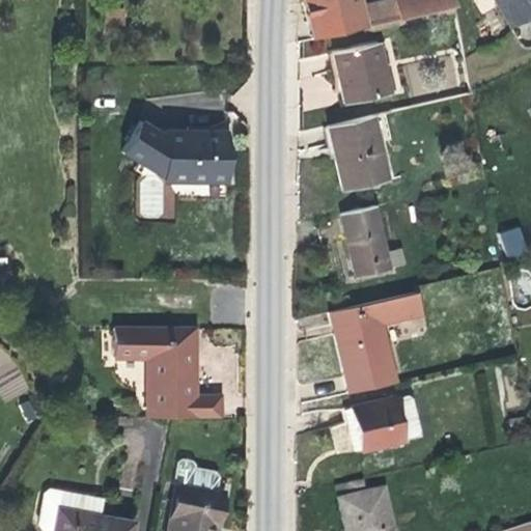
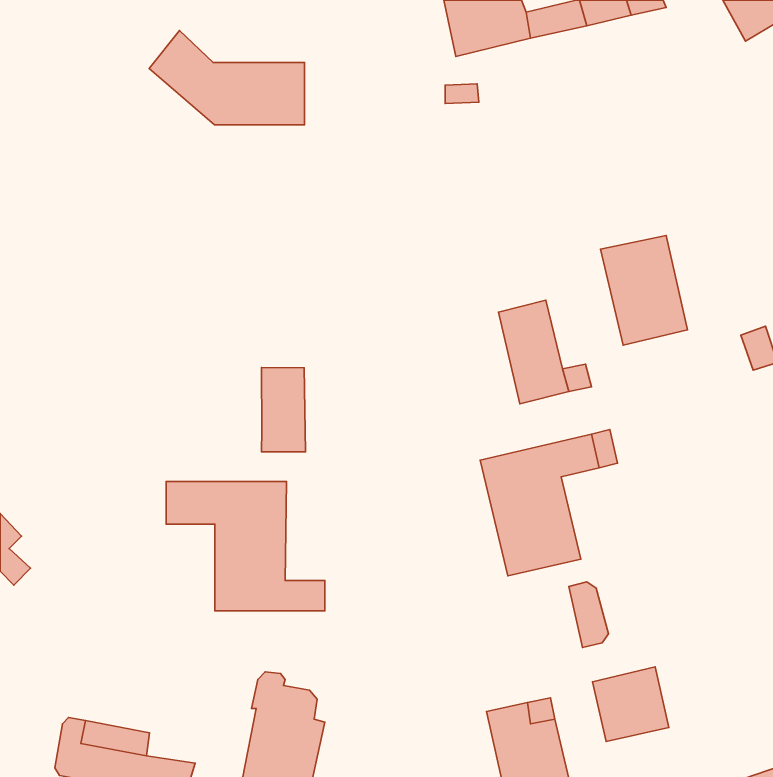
building: [336,43,391,103] -> none
building: [122,113,228,177] -> [149,30,305,125]
building: [330,116,389,191] -> [600,235,687,345]
building: none -> [261,367,306,452]
building: [348,400,400,451] -> [593,667,669,741]

